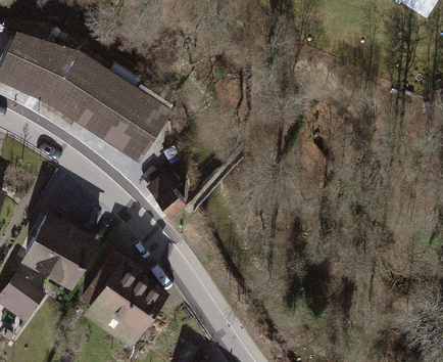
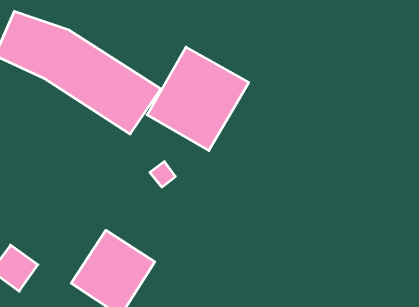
building: none -> [147,47,249,151]
building: [17,211,97,289] -> none

